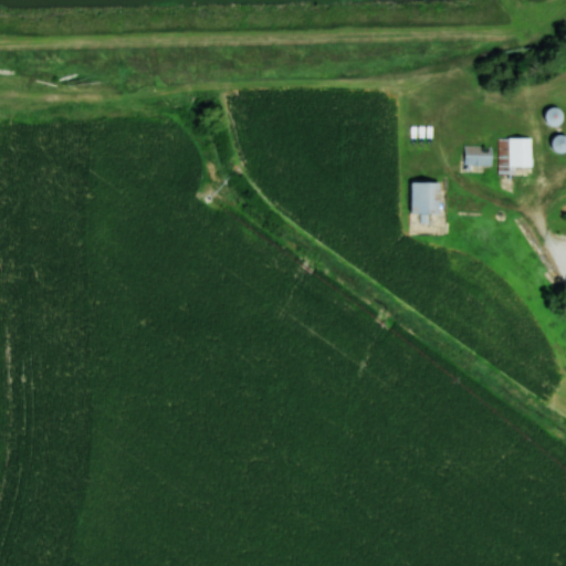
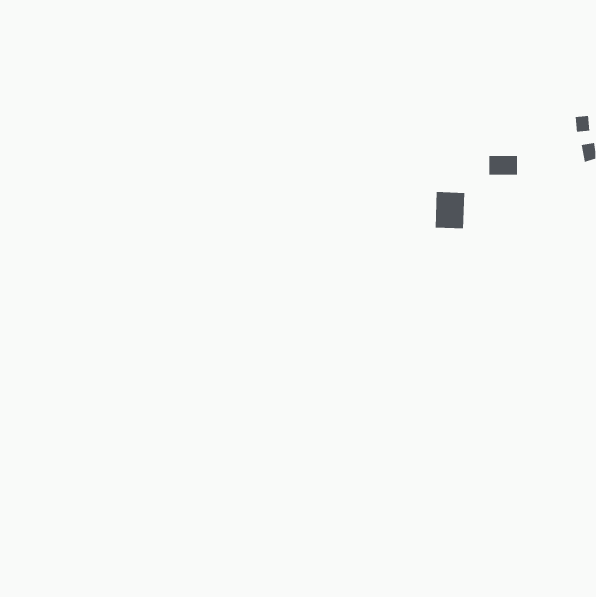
building: [506,138,534,171] -> none

